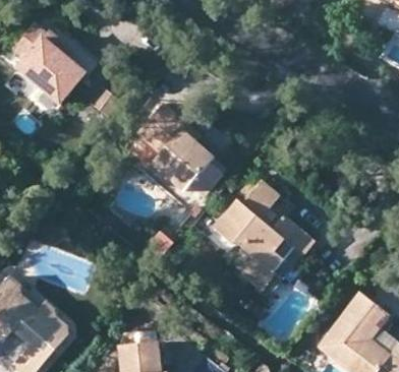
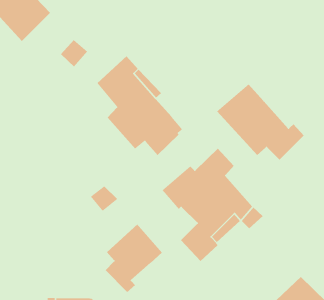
building: none -> [216,84,304,161]
building: none -> [105,224,163,293]

